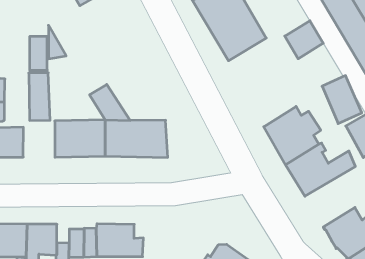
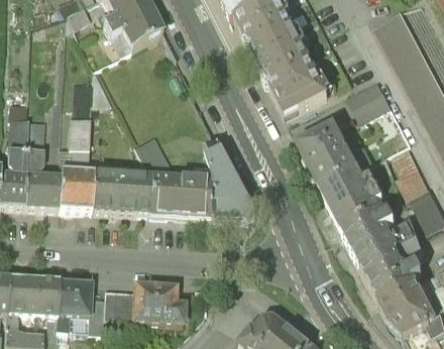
building: none -> [297,125,370,189]
building: none -> [204,139,255,217]
building: none -> [58,167,94,209]
building: none -> [360,237,422,301]

